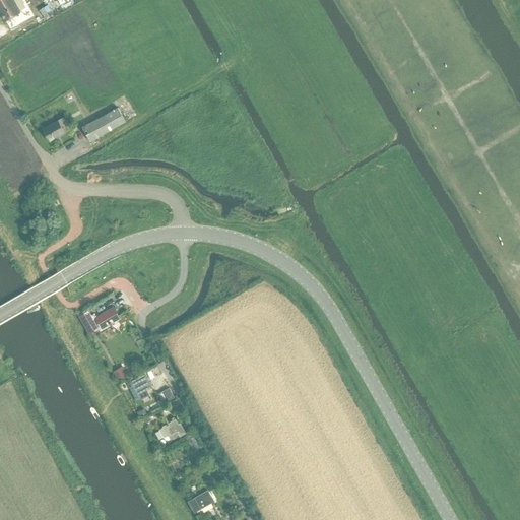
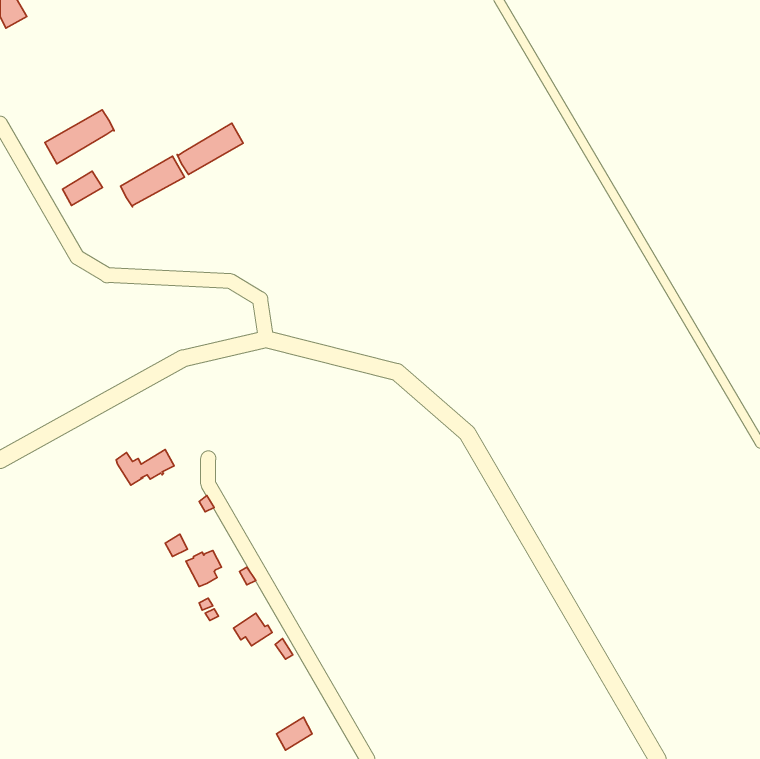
building: none -> [45,110,114,164]
building: none -> [177,123,243,175]

